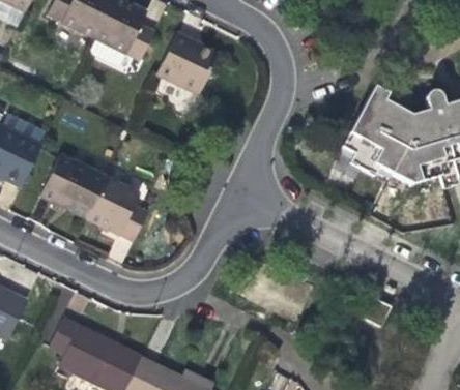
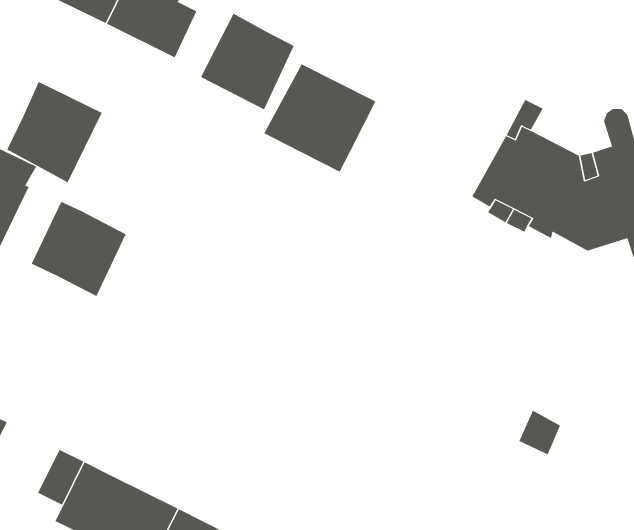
building: none -> [264,64,376,173]
building: none -> [7,81,102,183]
building: [87,176,151,241] -> none

